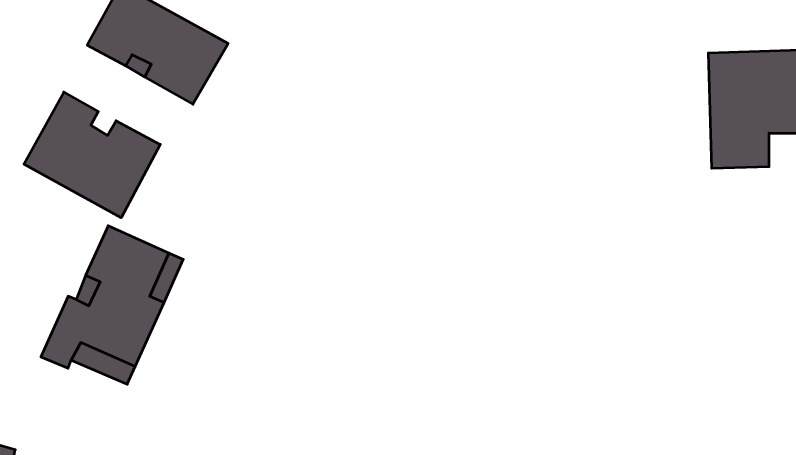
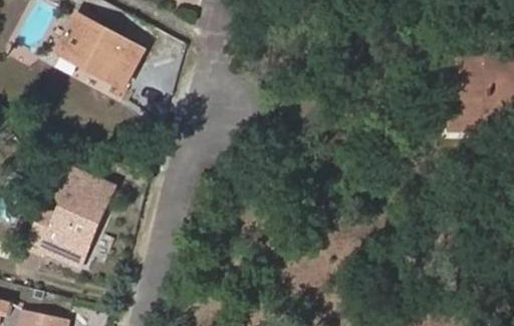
building: [24,92,160,218] -> none

